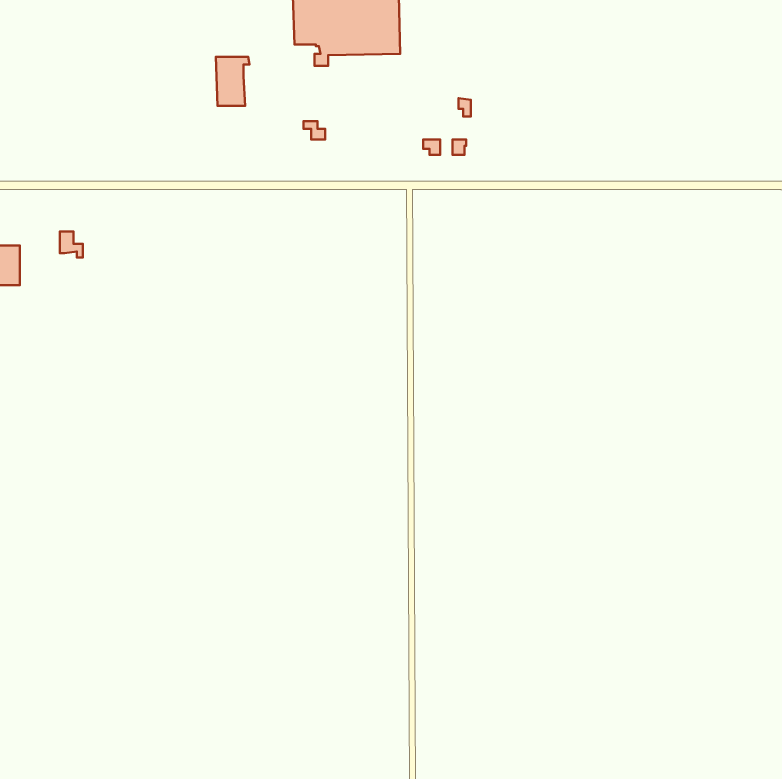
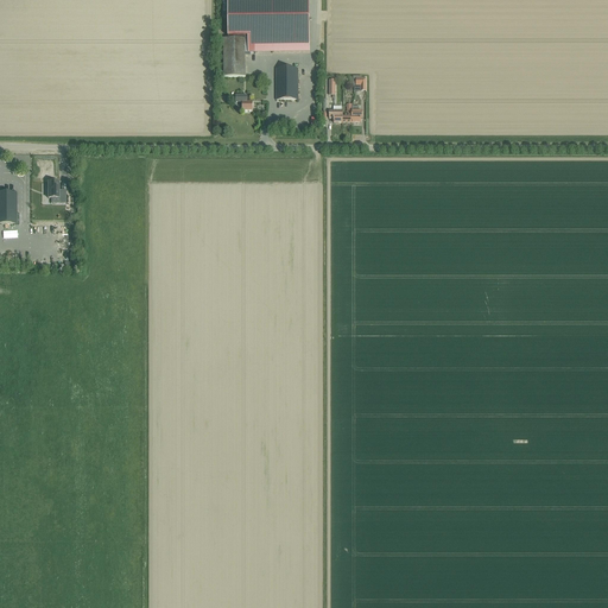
building: [216,57,250,106] -> [222,36,248,74]
building: none -> [276,66,297,97]

